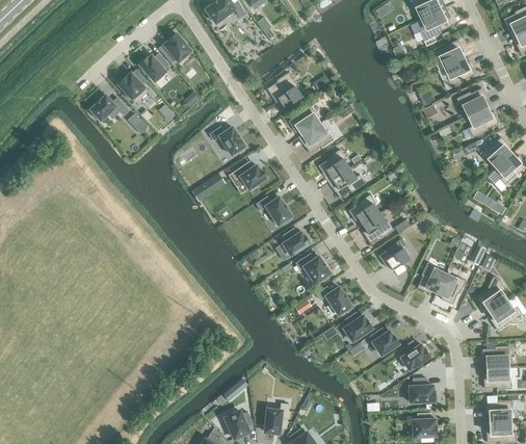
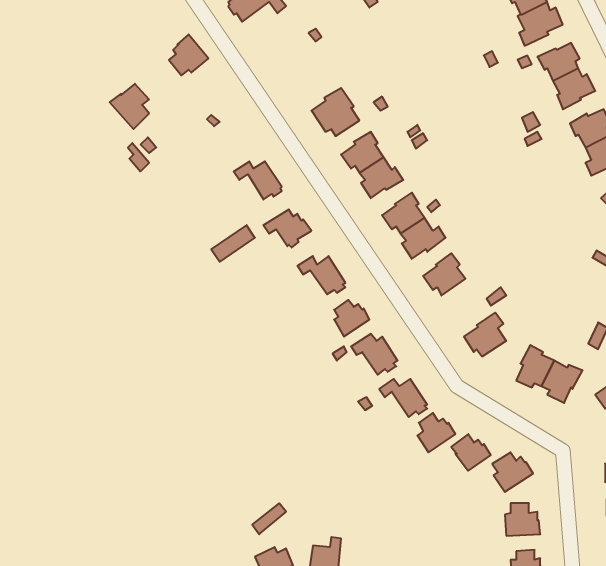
building: [139,54,168,81] -> none
building: [89,96,129,121] -> none
building: [362,213,393,243] -> none

